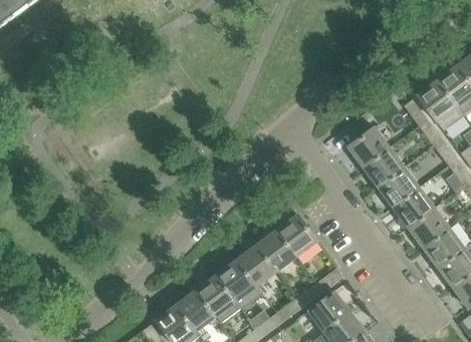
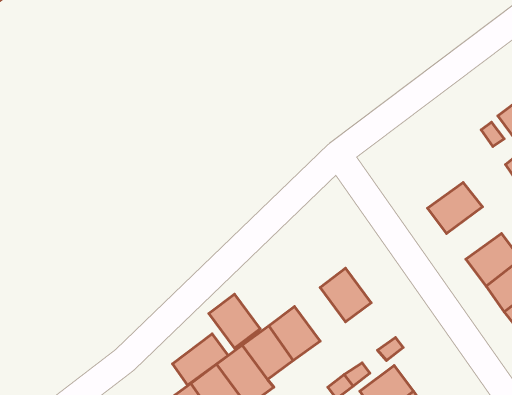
building: [346,126,390,167] -> none
building: [377,166,420,208] -> none
building: [257,230,297,272] -> [209,294,260,348]
building: none -> [173,334,228,385]

